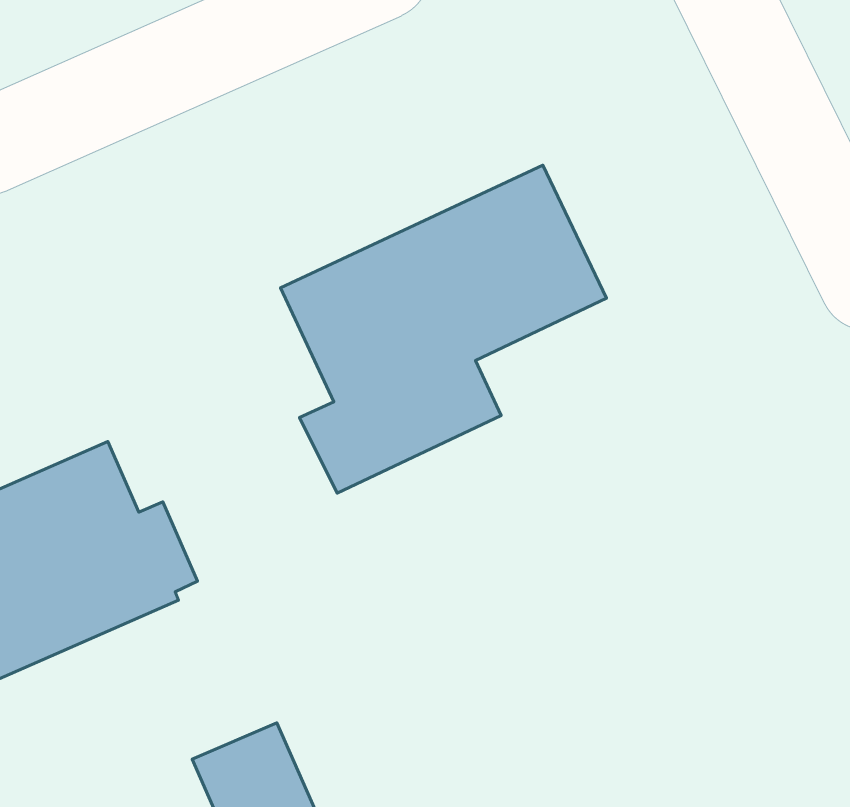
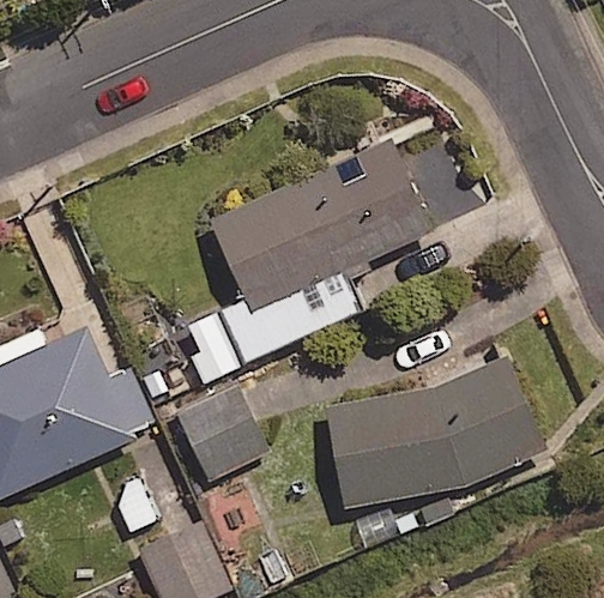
building: none -> [325,357,545,508]
building: none -> [185,391,273,482]

